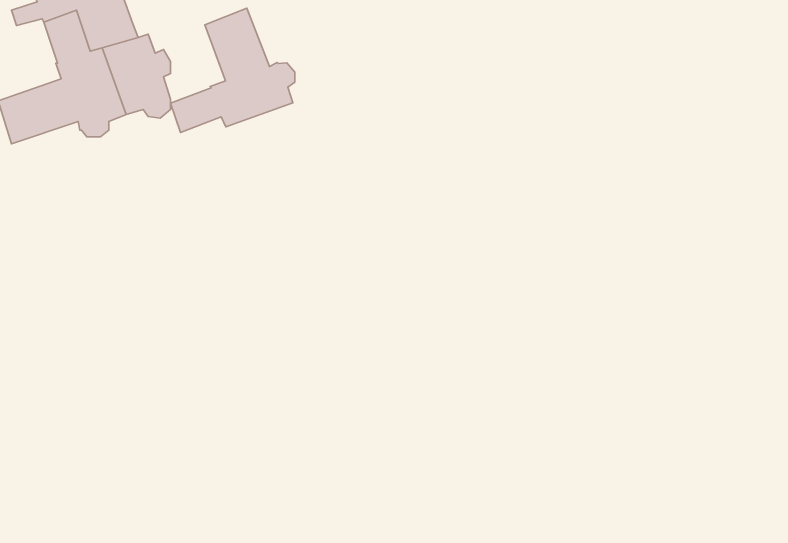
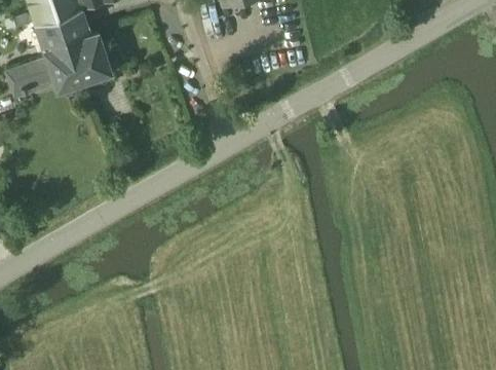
building: [170,8,295,132] -> none

